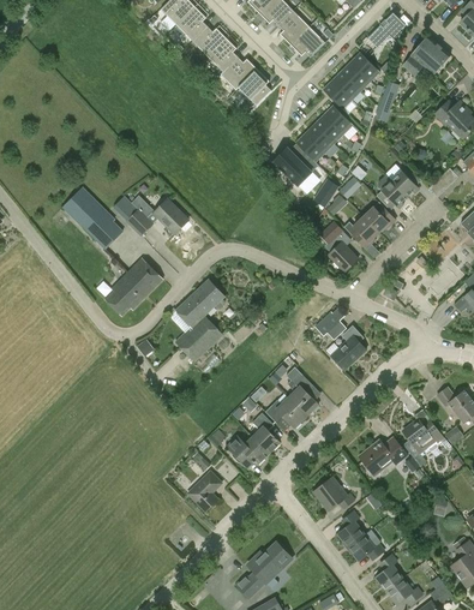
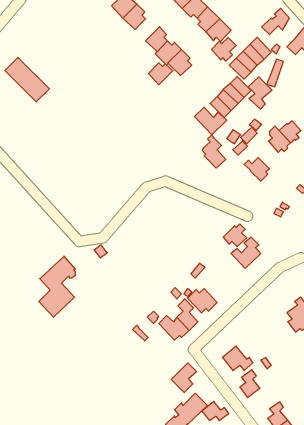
building: [193,26,227,56] -> [148,63,173,85]
building: none -> [212,38,236,61]
building: none -> [248,77,272,109]
building: [62,189,124,250] -> [5,57,49,102]
building: [126,199,188,237] -> none
building: [362,202,397,233] -> none
building: [325,226,358,271] -> [202,135,226,168]
building: [104,258,163,316] -> none
building: [174,279,224,363] -> [39,256,75,317]
building: [287,366,322,417] -> none
building: [358,436,408,477] -> none
building: [187,471,222,512] -> [171,363,196,393]
building: [348,534,385,561] -> [202,401,229,421]

